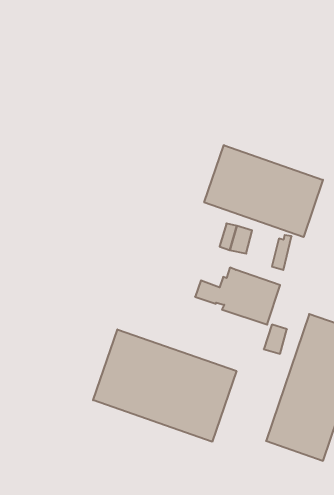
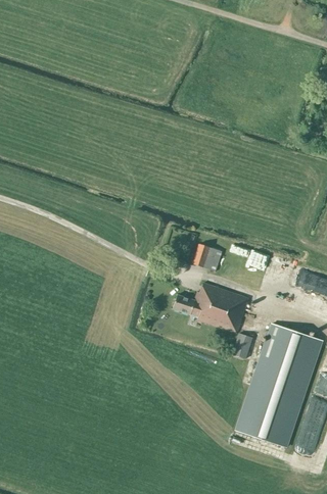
building: [204,145,323,237] -> none
building: [93,329,236,442] -> none

